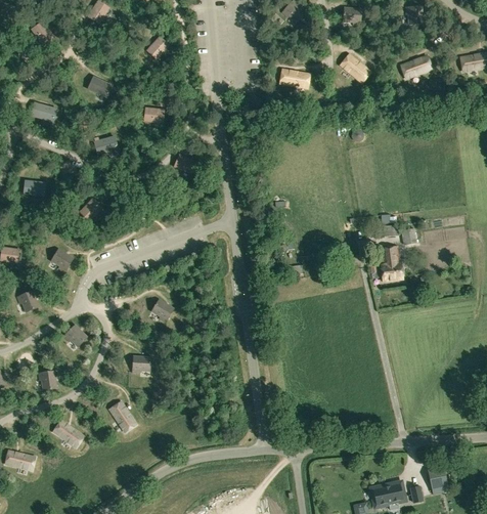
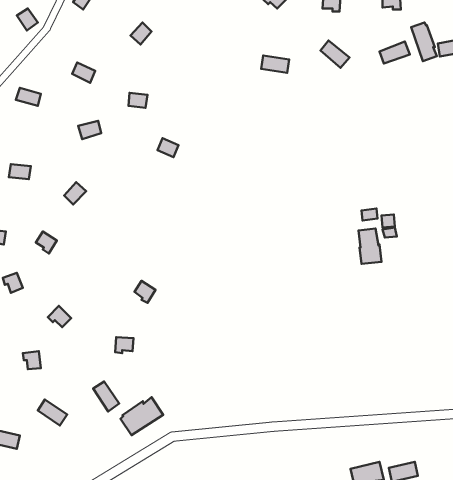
building: none -> [411,22,437,61]
building: none -> [121,397,163,435]

